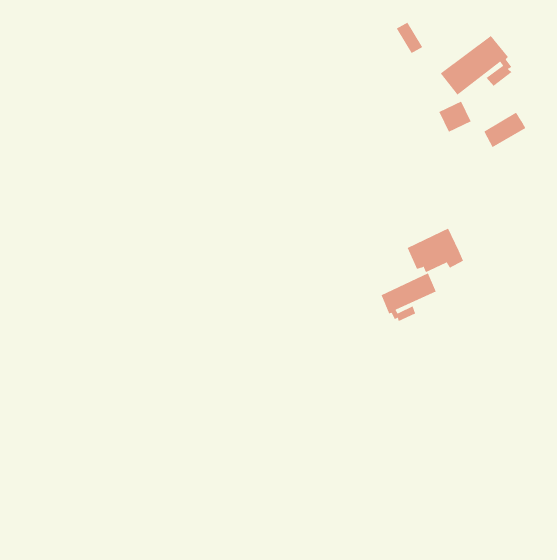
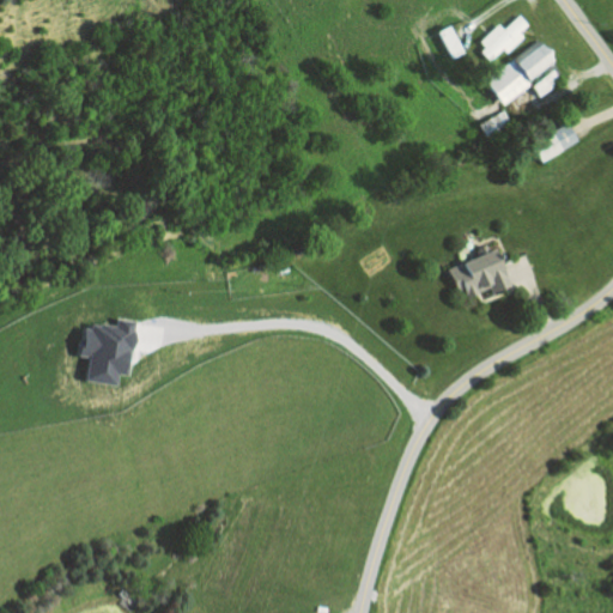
building: none -> [480,14,529,61]
building: [381,272,436,322] -> none
building: none -> [81,318,140,384]

